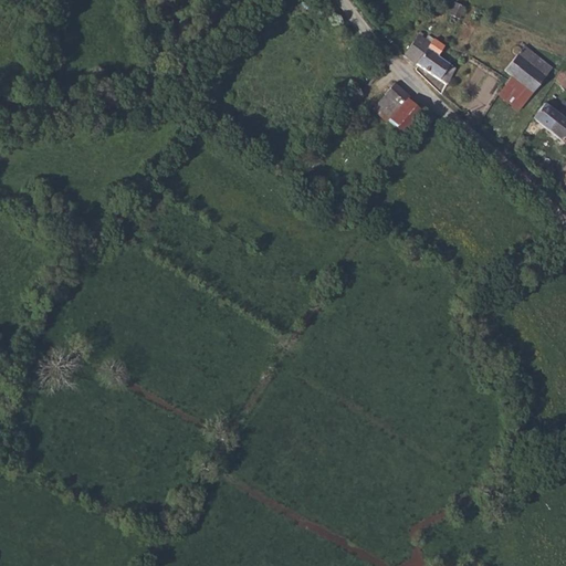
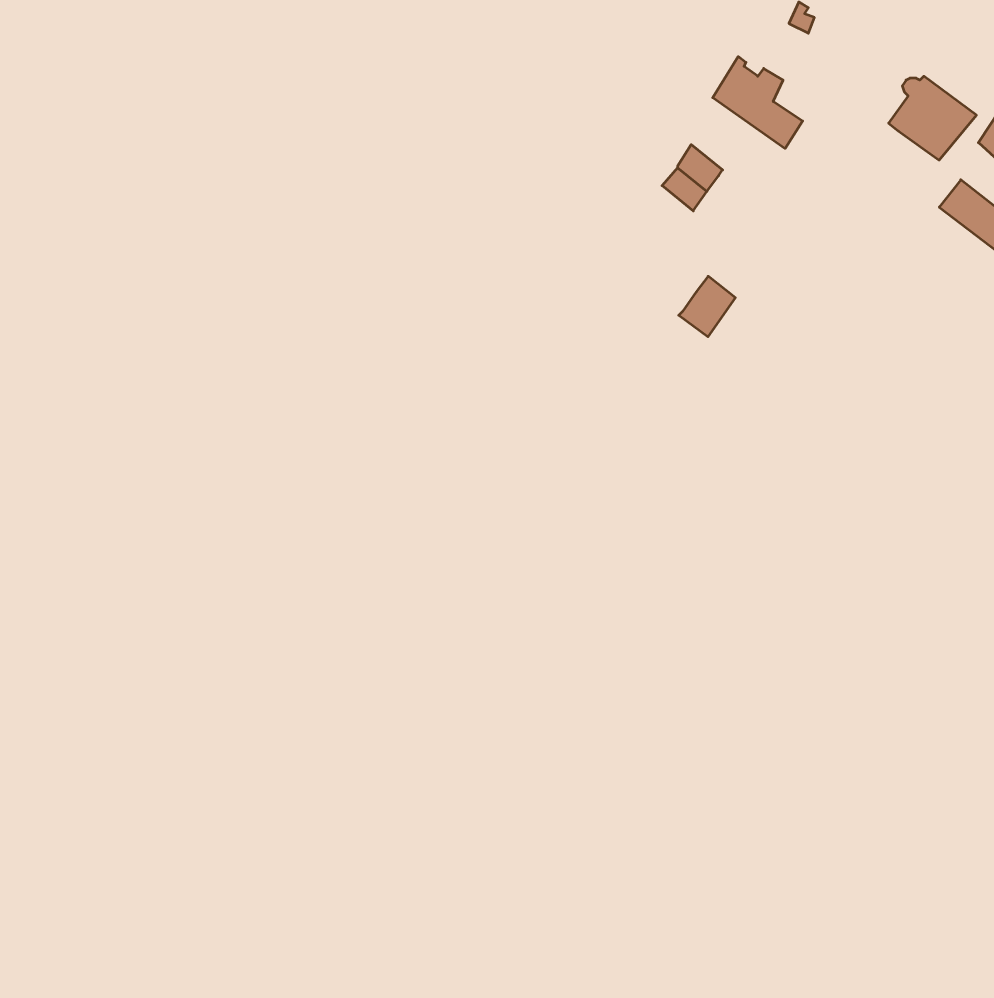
building: [500,74,534,106] -> none
building: [392,99,424,134] -> [679,276,735,337]

